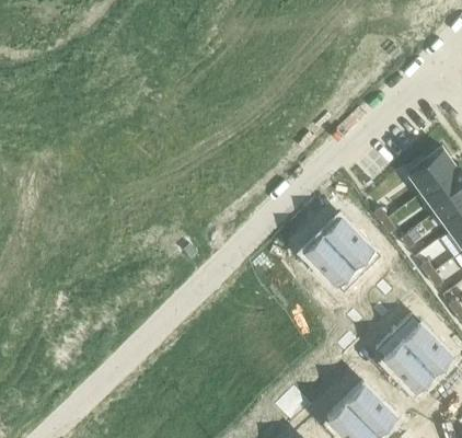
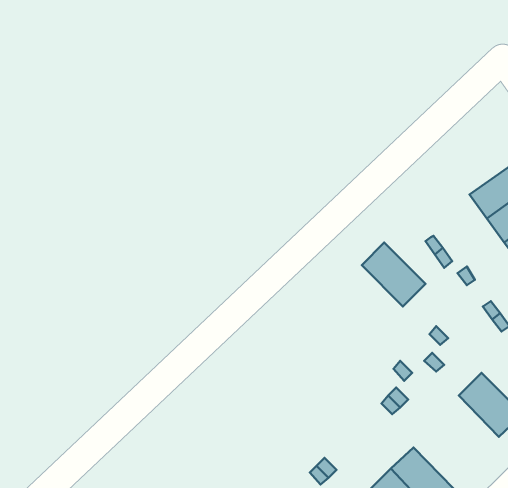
building: [302,234,355,287] -> none
building: [382,342,434,394] -> none

